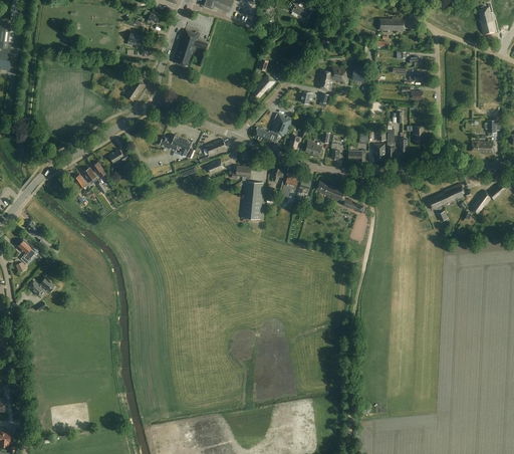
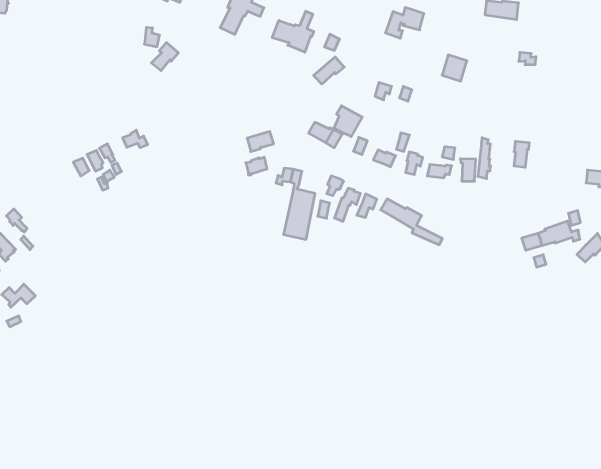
building: none -> [272,11,314,52]
building: [319,66,347,90] -> [385,8,424,38]
building: [160,135,192,157] -> none

